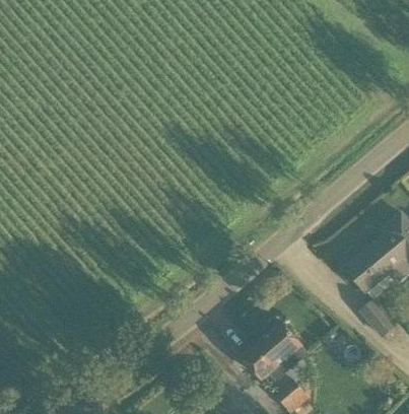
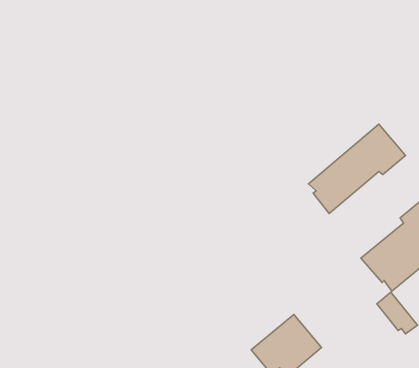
building: none -> [308,124,405,213]

